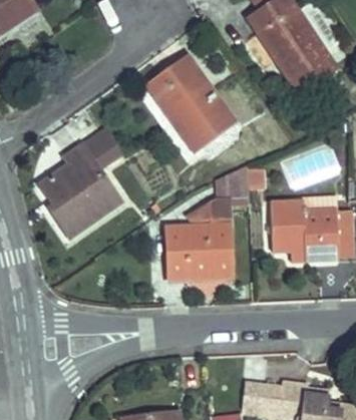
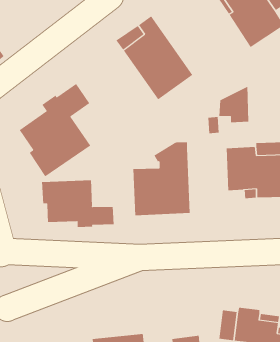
building: [215,163,249,204] -> [218,86,249,123]
building: none -> [41,180,114,228]

